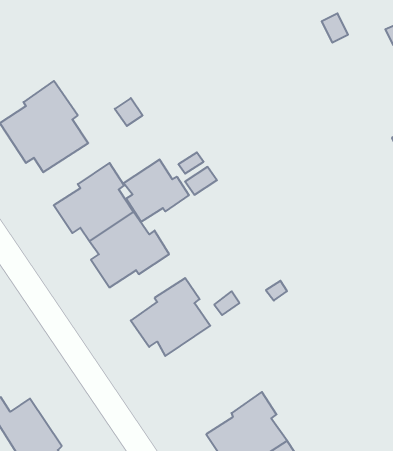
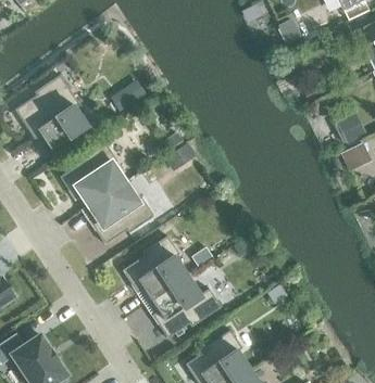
building: [124,159,189,222] -> none
building: none -> [151,275,222,337]

